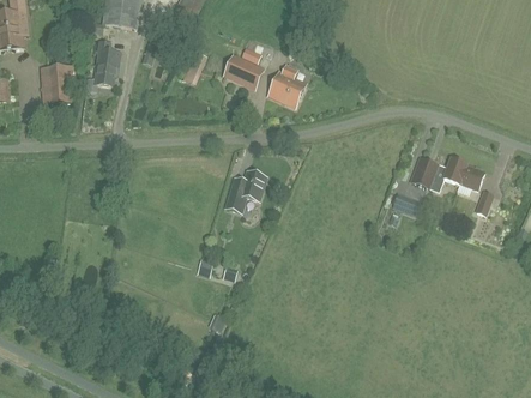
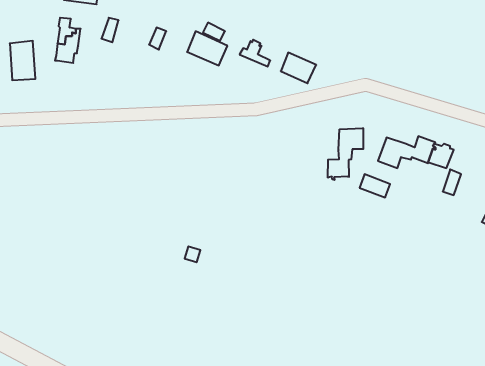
building: [267,77,302,107] -> [281,53,316,83]
building: none -> [328,128,363,180]
building: [225,170,265,211] -> none

